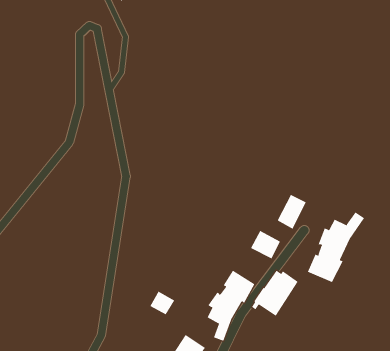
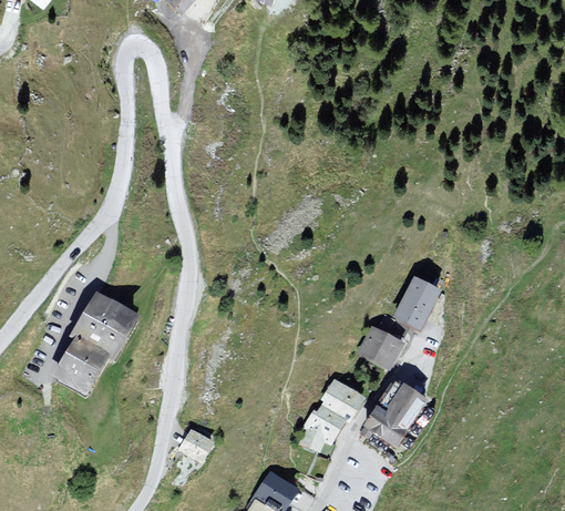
building: none -> [53,288,142,391]
building: [307,211,365,283] -> none
building: [149,291,175,315] -> [179,427,215,460]

